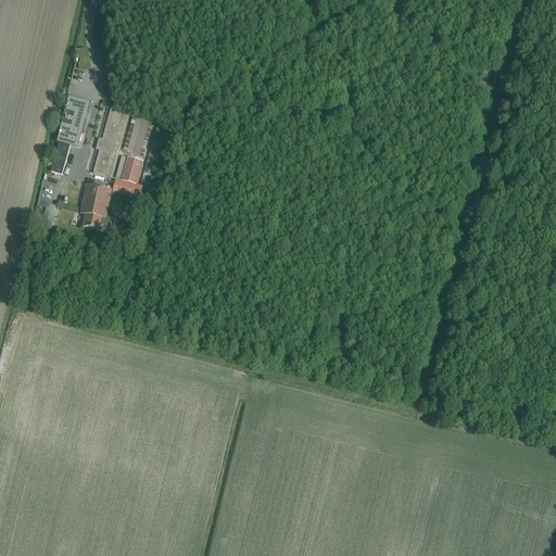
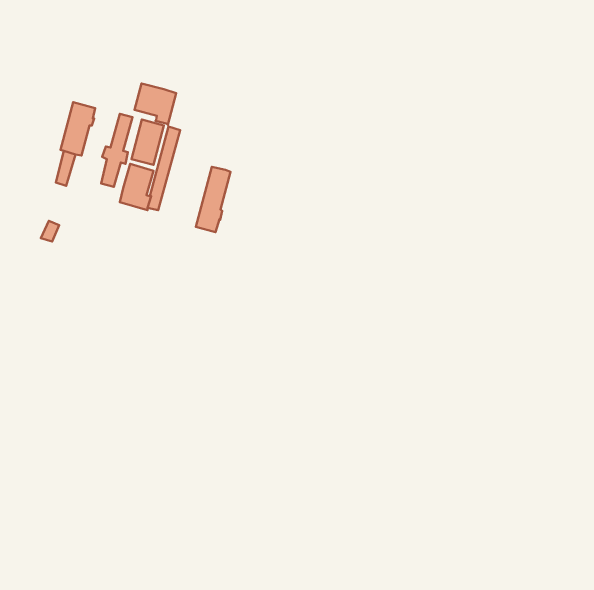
building: none -> [135,83,176,125]
building: none -> [196,167,231,232]
building: [80,184,111,229] -> none

